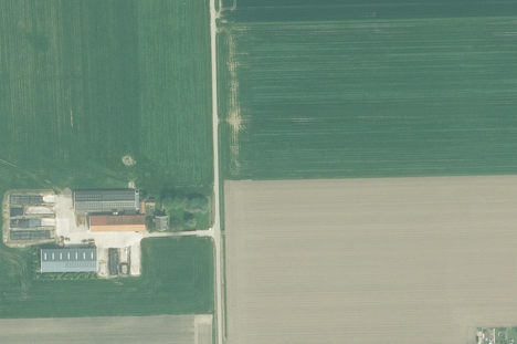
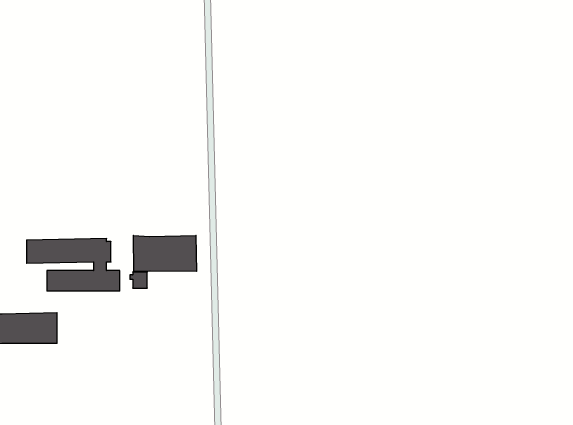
building: none -> [133,235,196,271]

